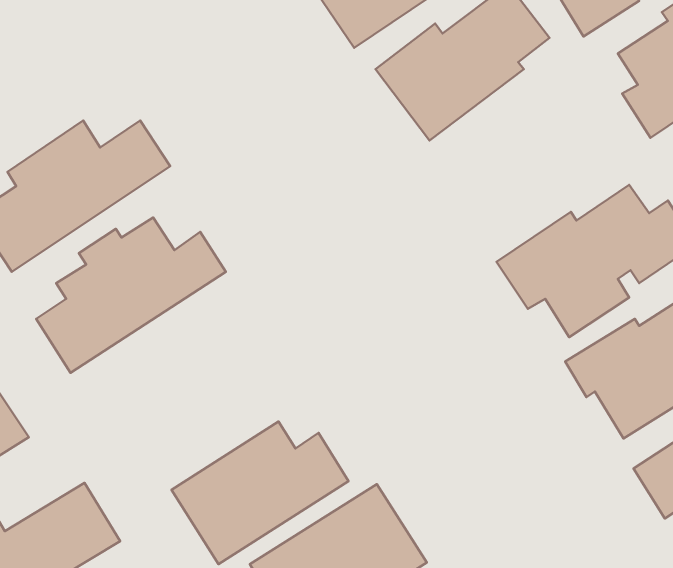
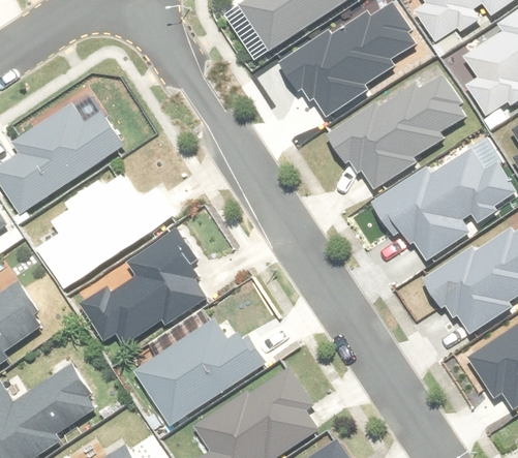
building: none -> [331,74,465,191]
building: none -> [82,236,203,338]

